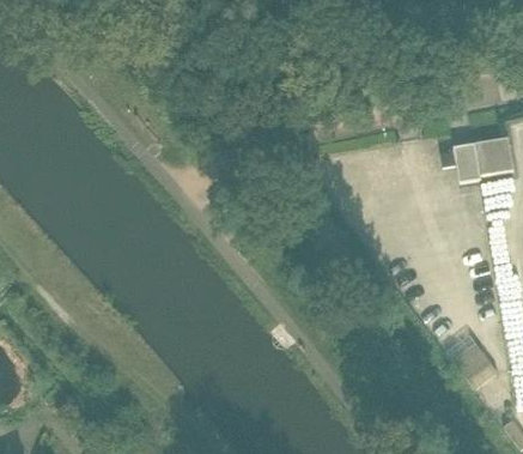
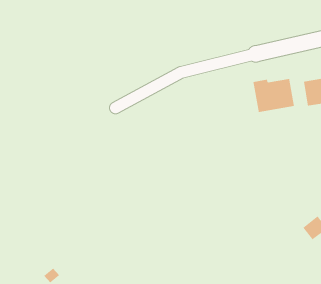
building: none -> [253,78,294,113]

